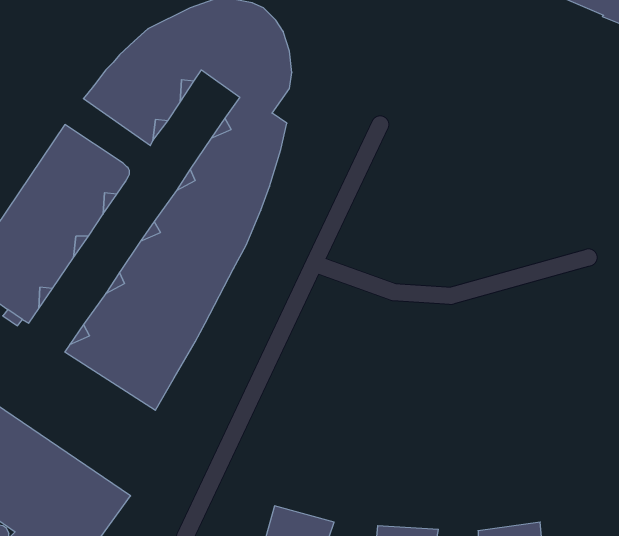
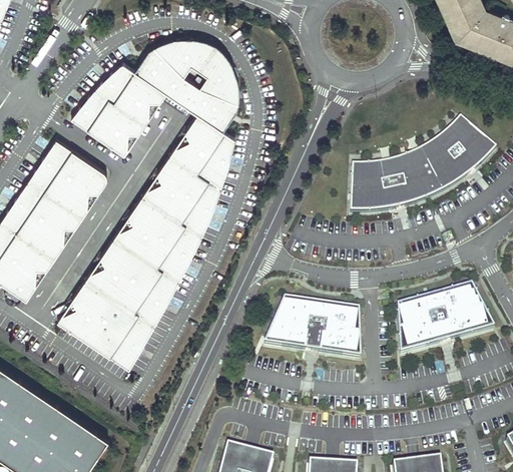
building: none -> [349,119,494,213]
building: none -> [396,286,492,355]
building: none -> [263,300,359,357]

